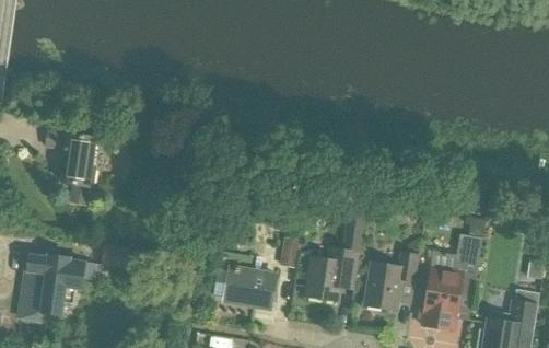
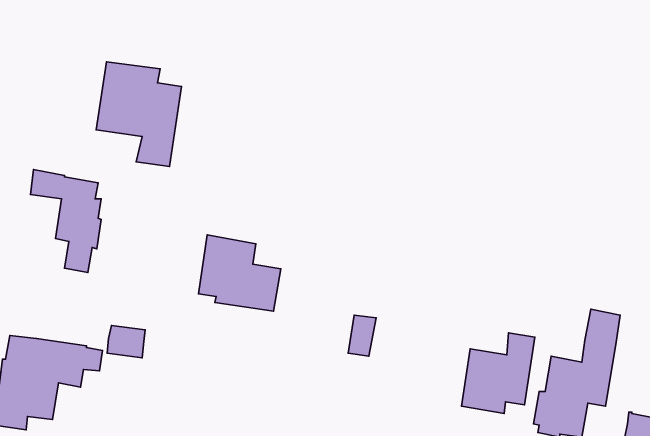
building: none -> [96,62,182,166]
building: [305,213,364,300] -> none
building: [213,250,274,306] -> [198,235,281,311]

